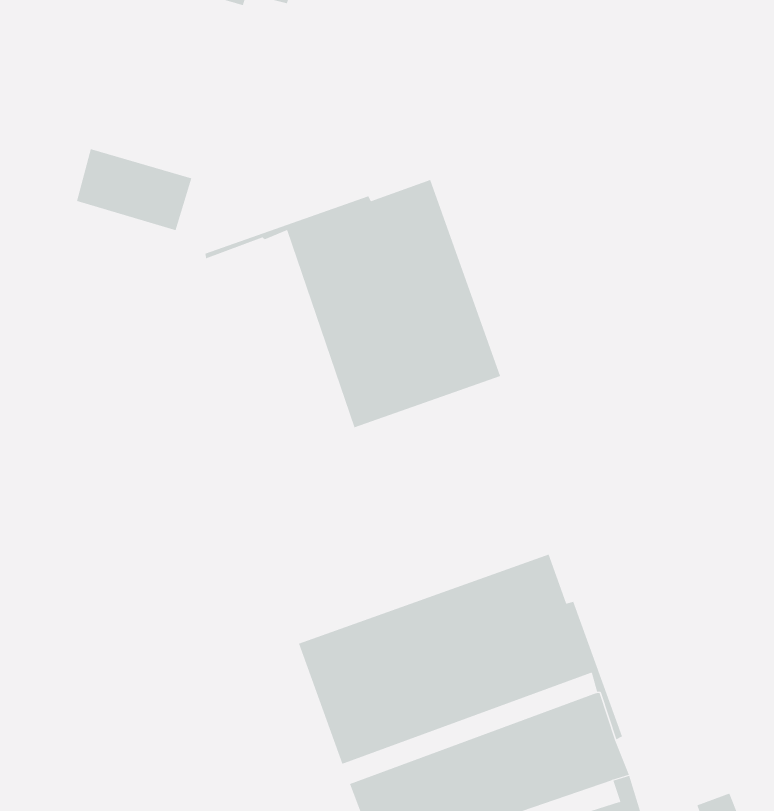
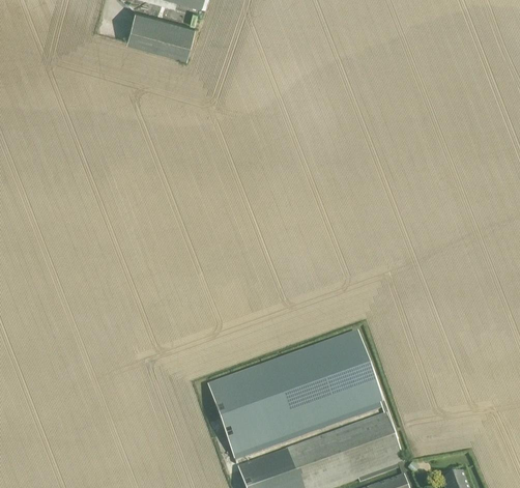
building: [76,148,192,231] -> [126,11,195,60]
building: [205,179,501,428] -> none

